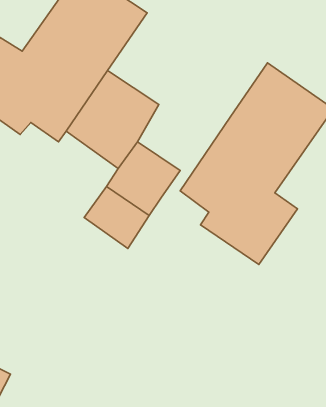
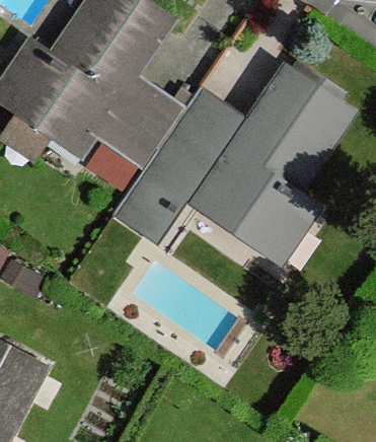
building: none -> [163,86,251,223]

